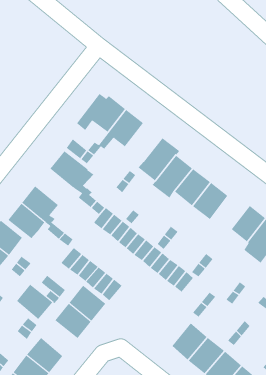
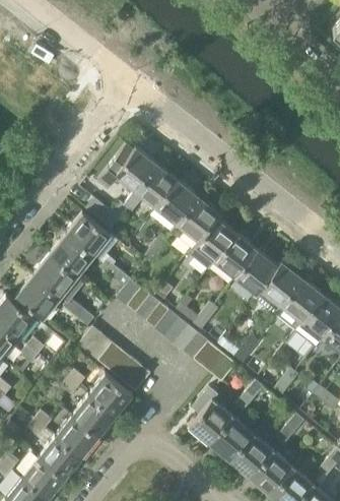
building: none -> [155,181,199,227]
building: none -> [49,235,94,278]
building: none -> [256,262,302,313]
building: [16,284,53,320] -> [56,415,99,457]
building: none -> [189,389,232,445]

